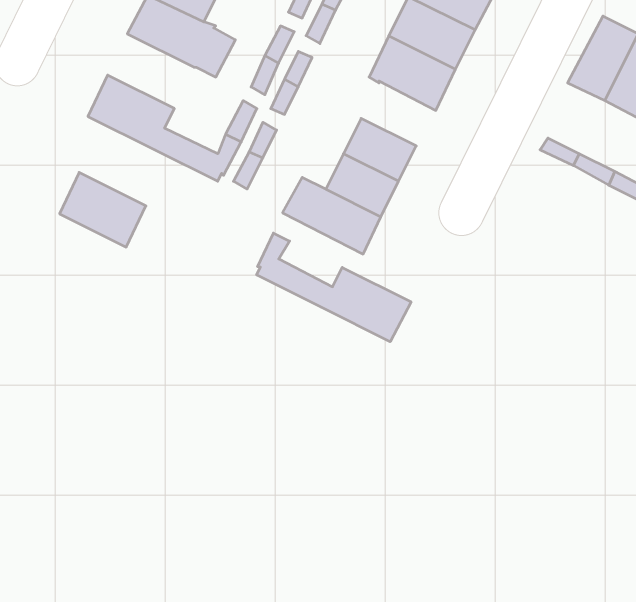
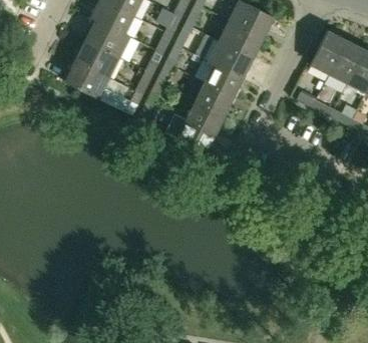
building: none -> [205,64,243,97]
building: [60,172,146,247] -> [75,40,119,78]
building: [257,233,411,342] -> none

